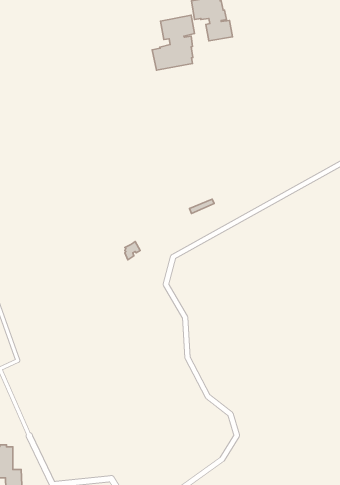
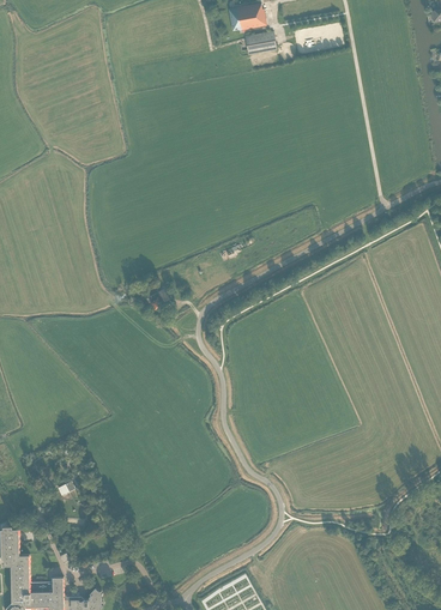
building: [152,15,194,70] -> none

